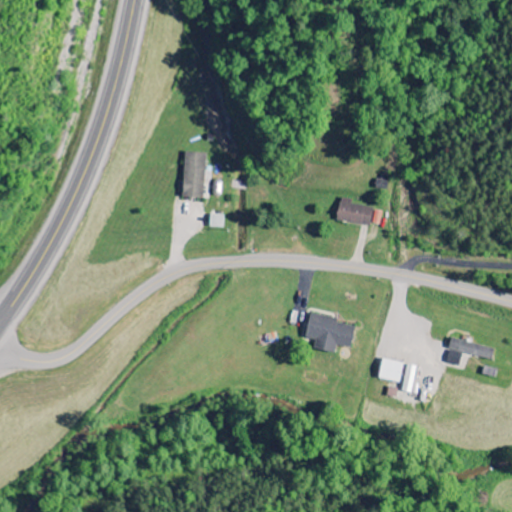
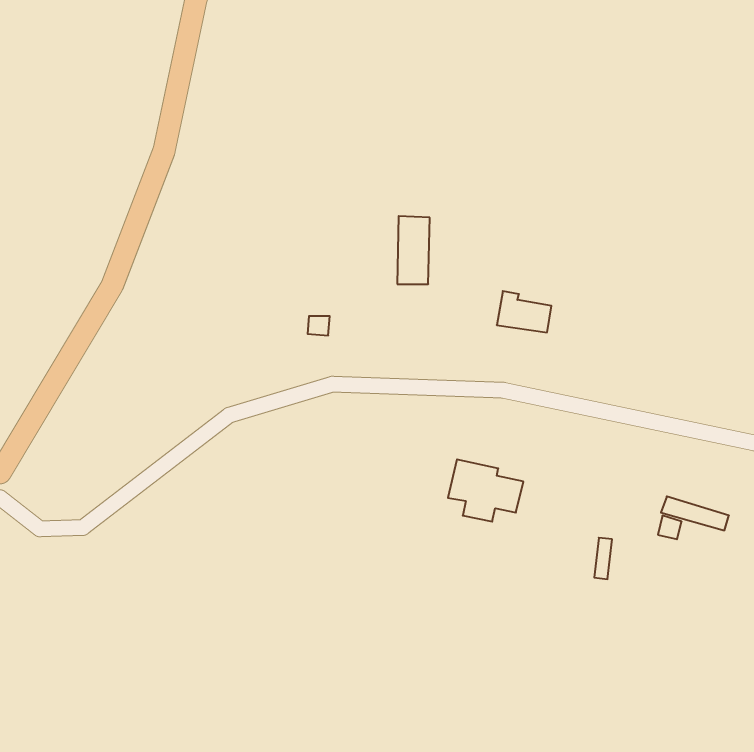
building: [183,151,205,197] -> [397,216,430,284]
building: [378,358,403,382] -> none

